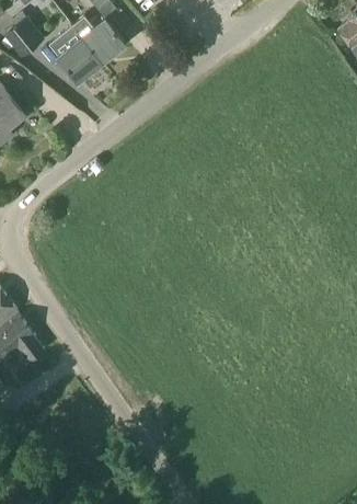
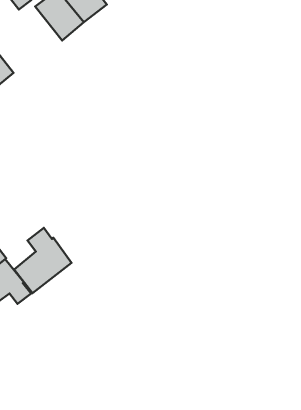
building: none -> [14,228,72,293]

